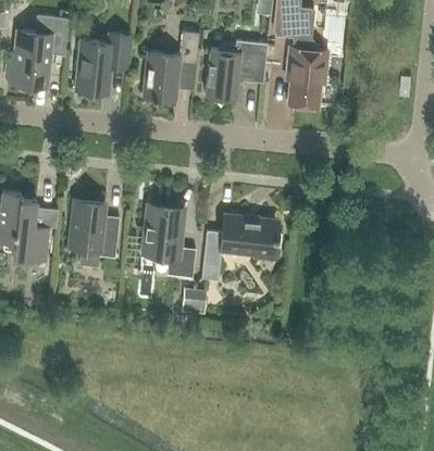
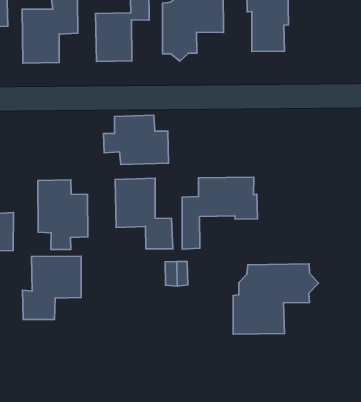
building: none -> [104,115,169,165]
building: none -> [22,256,81,320]
building: none -> [233,264,319,334]

